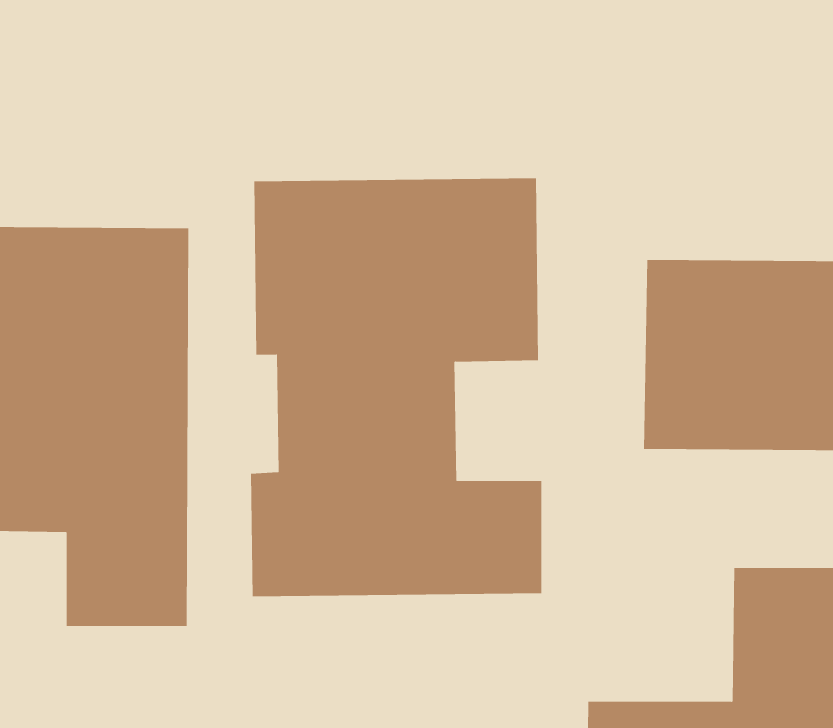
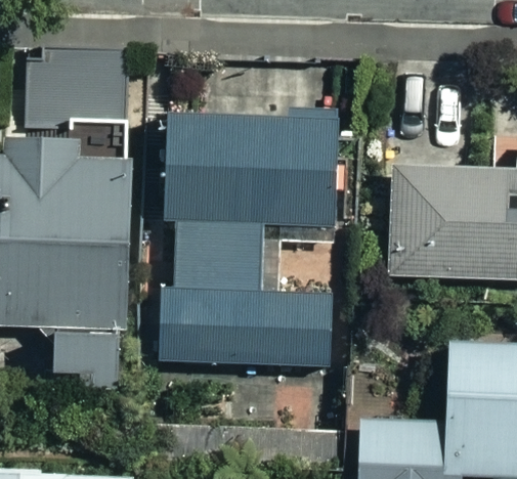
building: none -> [29,54,125,119]

